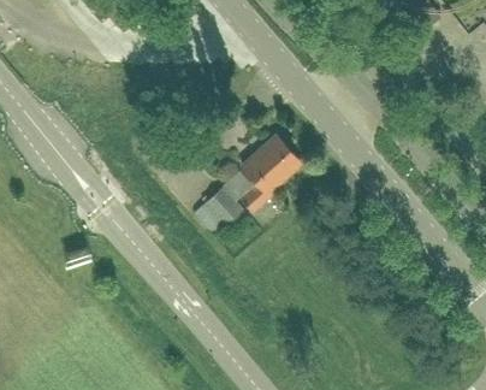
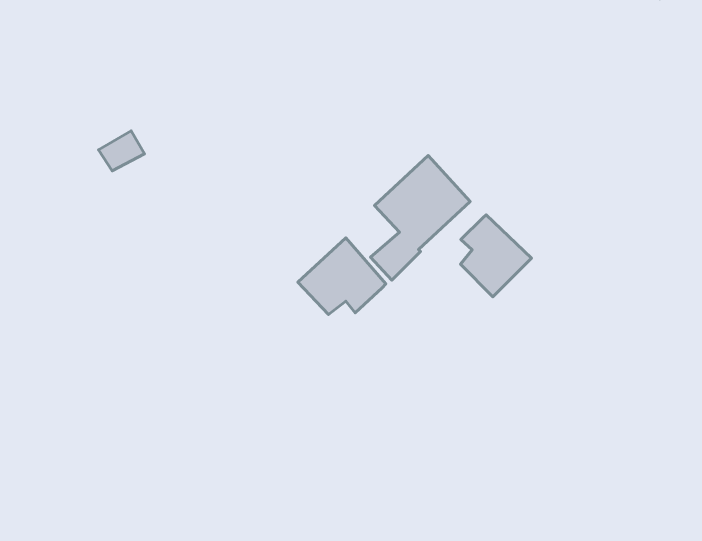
building: none -> [461,215,531,297]

